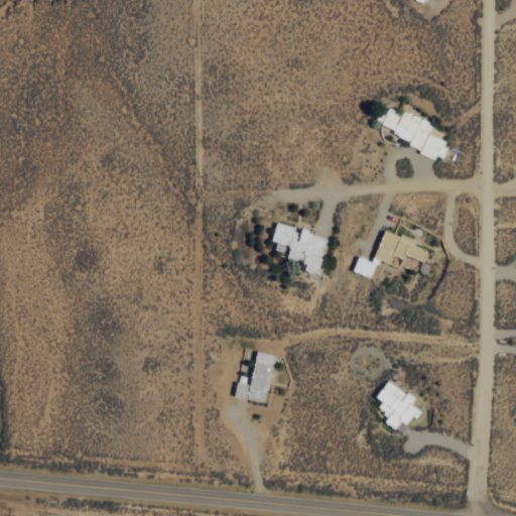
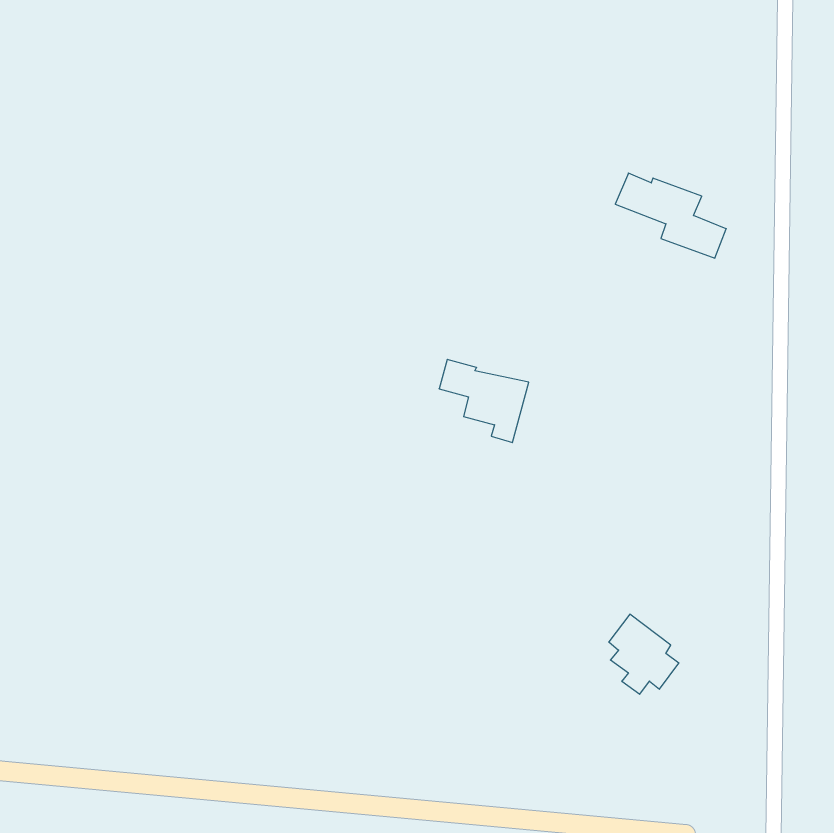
building: [353,230,426,278] -> none
building: [234,351,274,402] -> none

